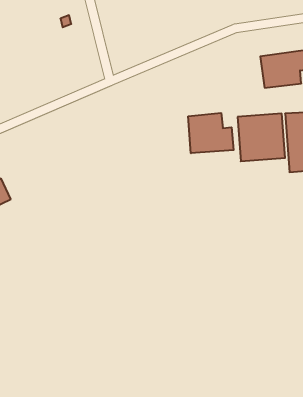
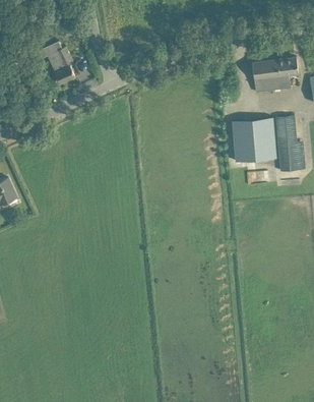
building: none -> [47,47,74,82]
building: [188,113,234,153] -> none

